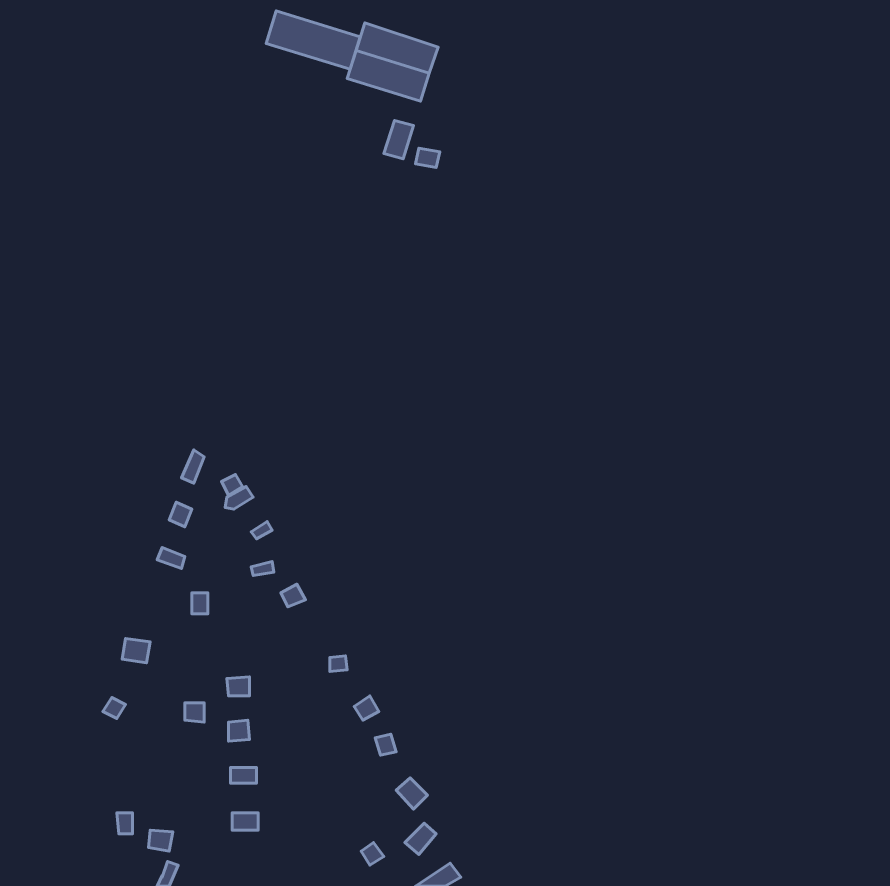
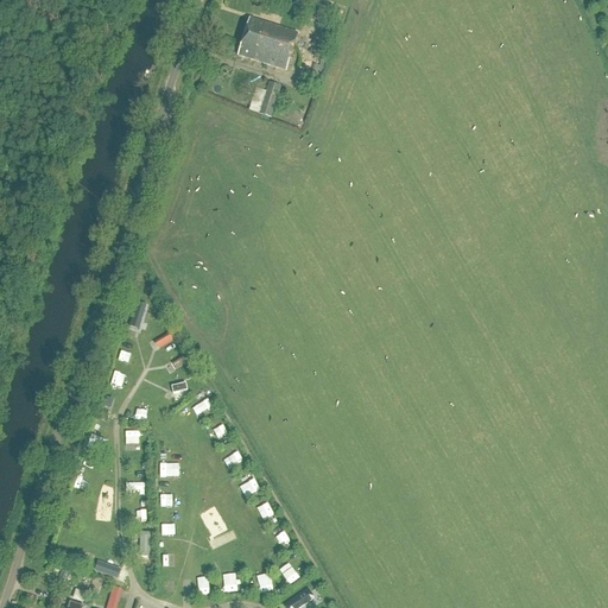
building: [266,11,360,69] -> none

